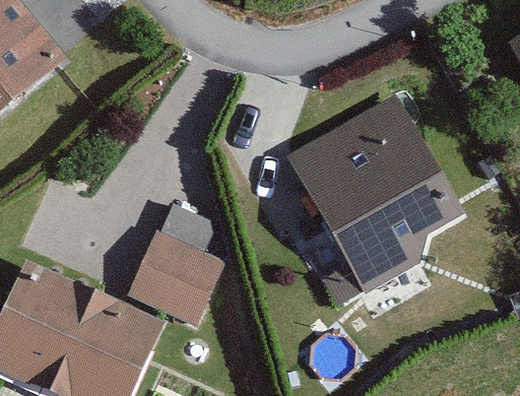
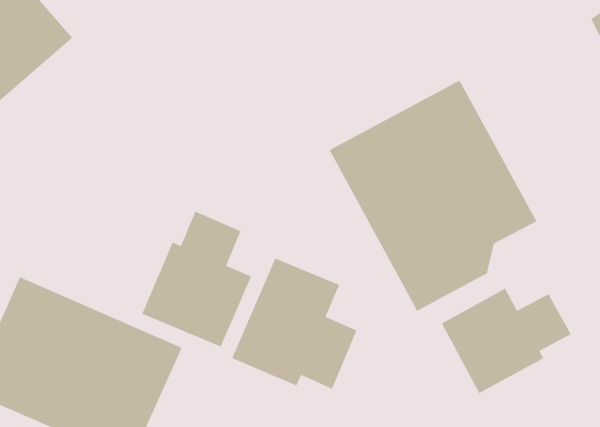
building: none -> [231,257,357,390]
building: none -> [441,288,572,394]

